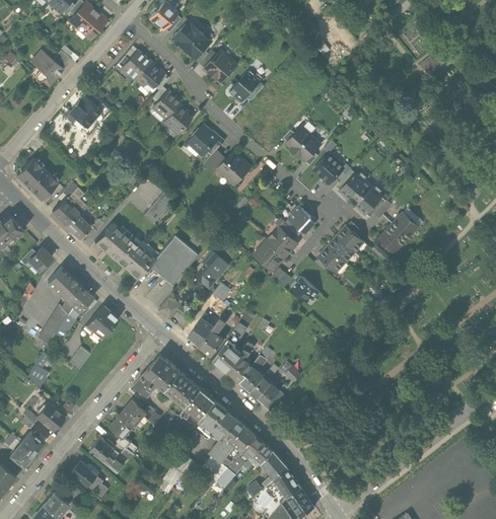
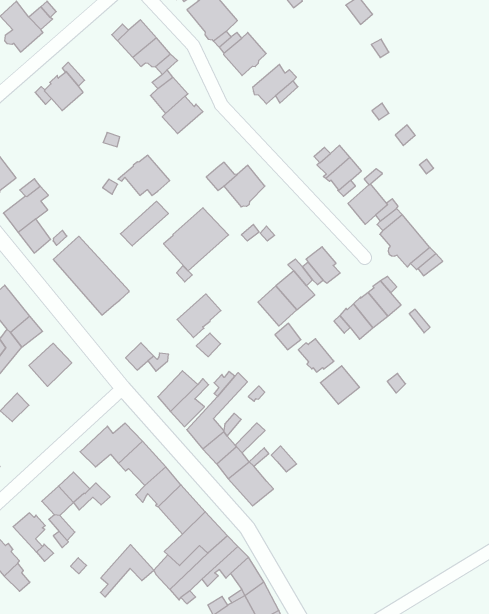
building: [184,125,223,156] -> [118,155,170,196]
building: [378,208,422,252] -> none
building: [149,235,198,285] -> [164,208,229,271]
building: none -> [320,366,359,404]

